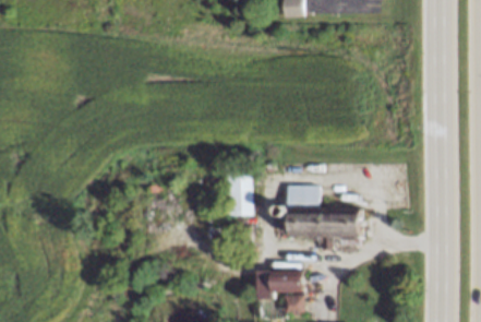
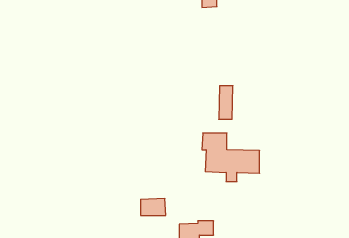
building: [233,167,252,211] -> [219,86,233,119]
building: [269,270,302,291] -> [141,199,166,215]

